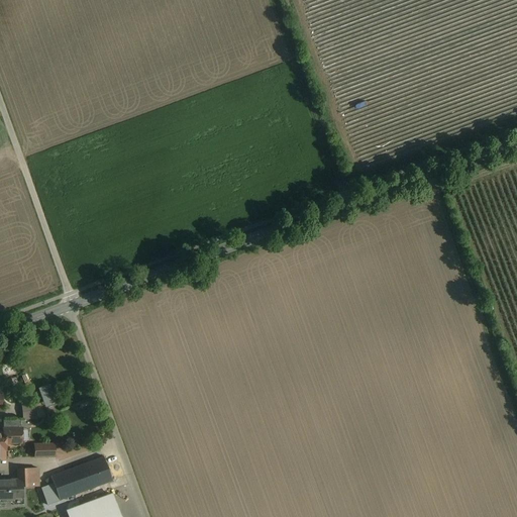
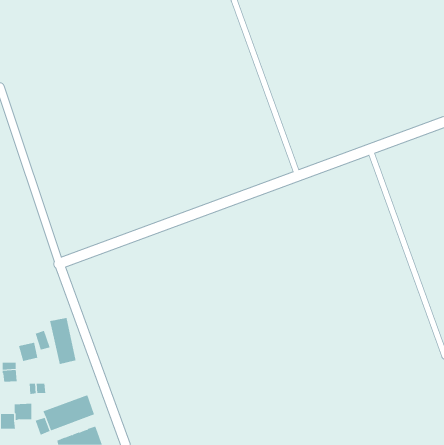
building: none -> [50,317,76,365]

